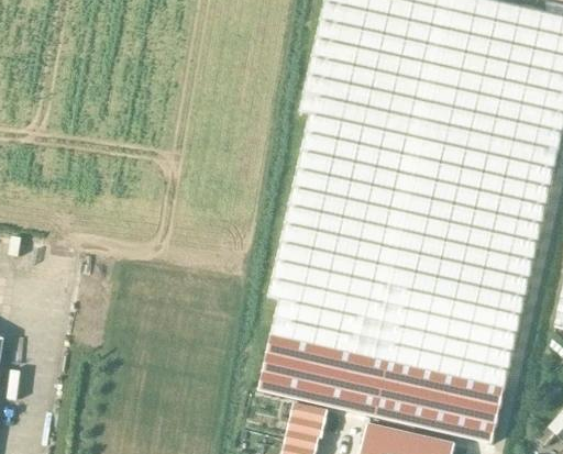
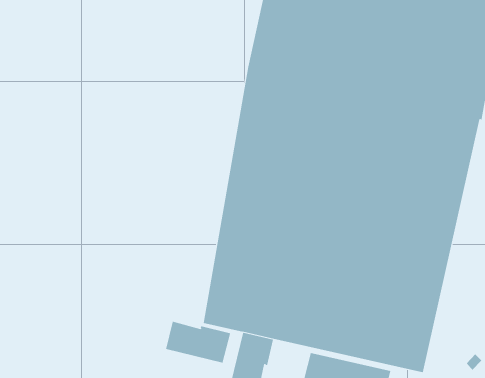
building: none -> [165,321,231,363]

